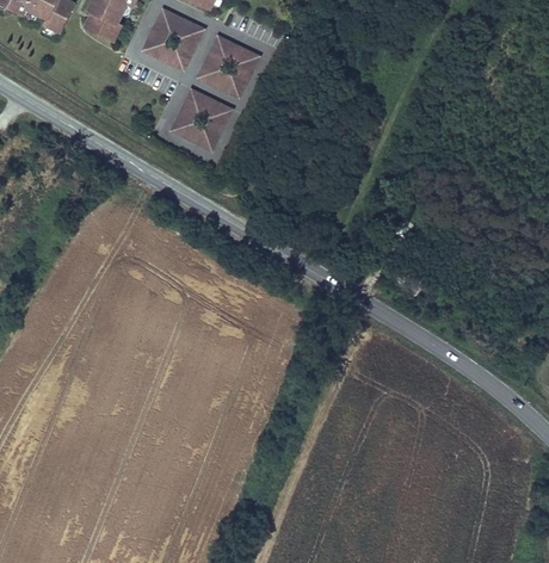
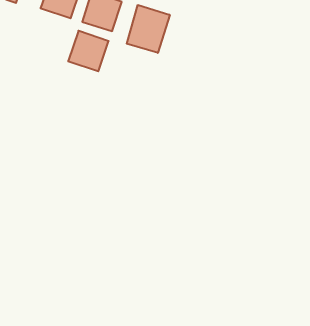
building: none -> [127,5,170,53]

